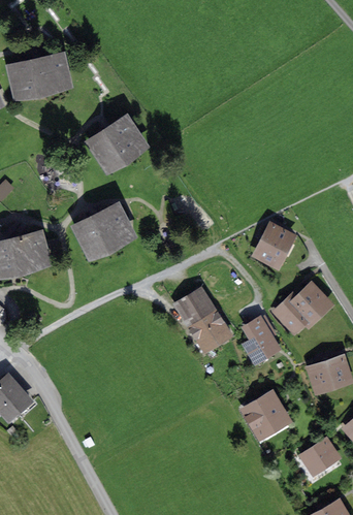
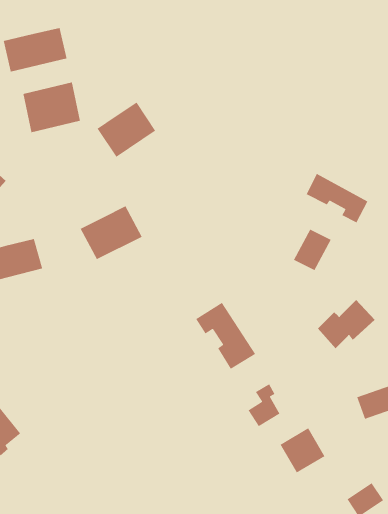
building: none -> [23,82,81,133]
building: none -> [306,173,368,224]
building: [248,321,276,358] -> [248,383,280,427]

